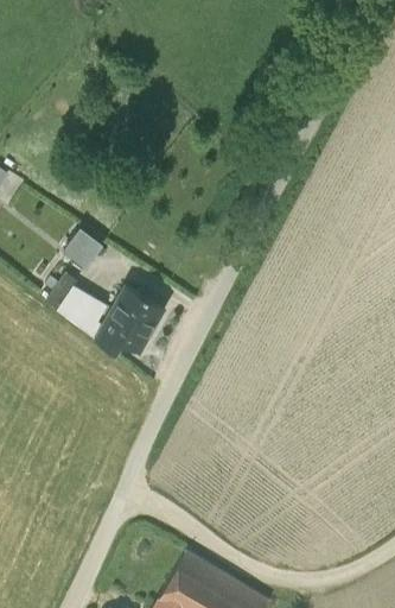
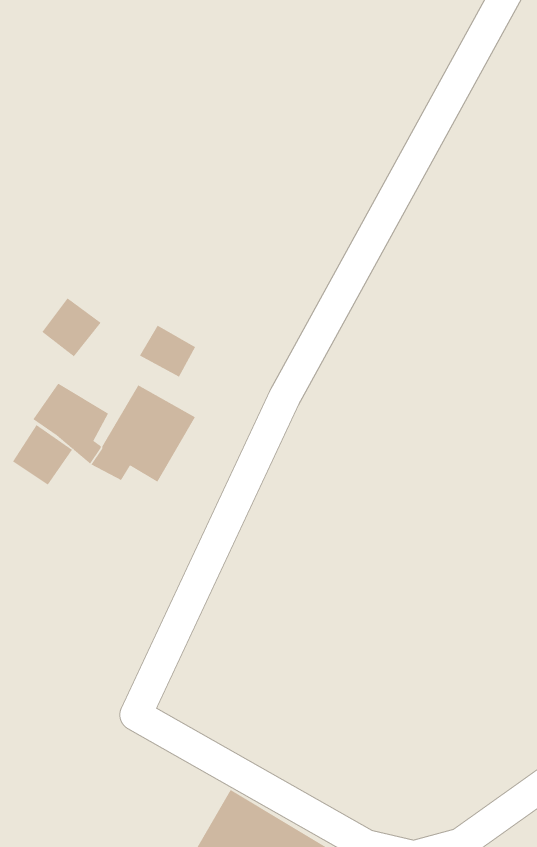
building: none -> [139,325,196,378]
building: none -> [12,424,73,485]

